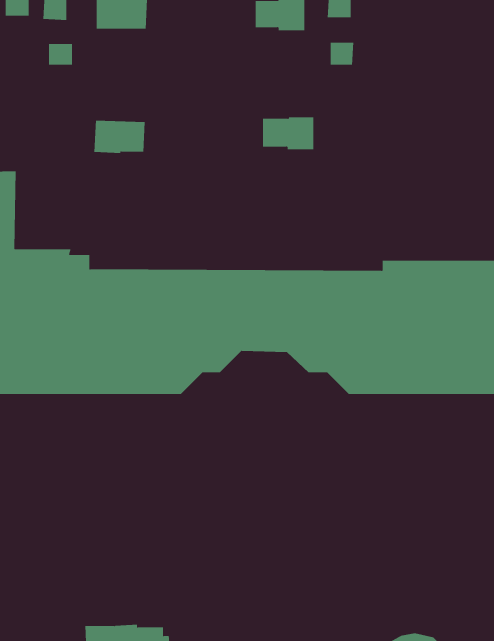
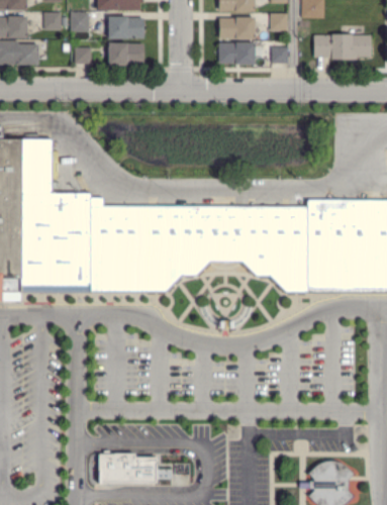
building: none -> [314,33,371,59]
building: [262,117,314,150] -> [218,41,255,65]
building: [94,120,146,154] -> [108,41,144,65]

